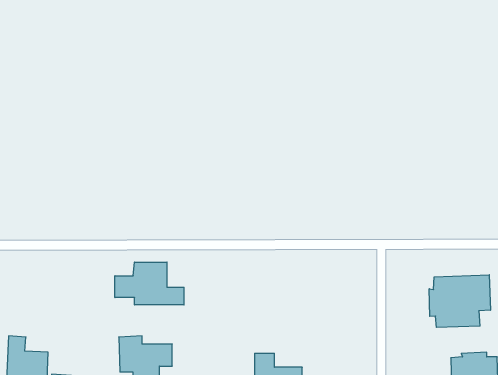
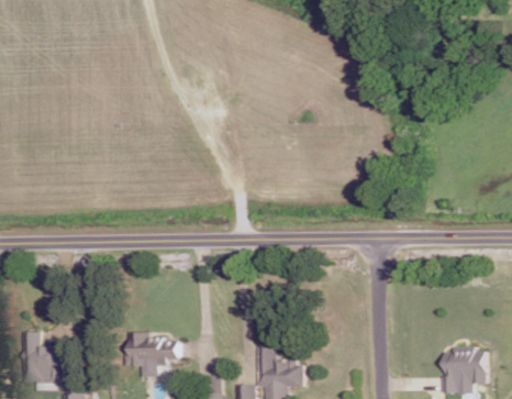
building: [115,262,184,305] -> none
building: [429,275,490,327] -> none

